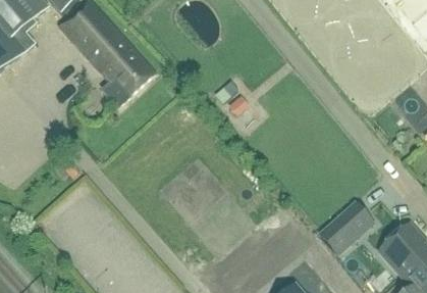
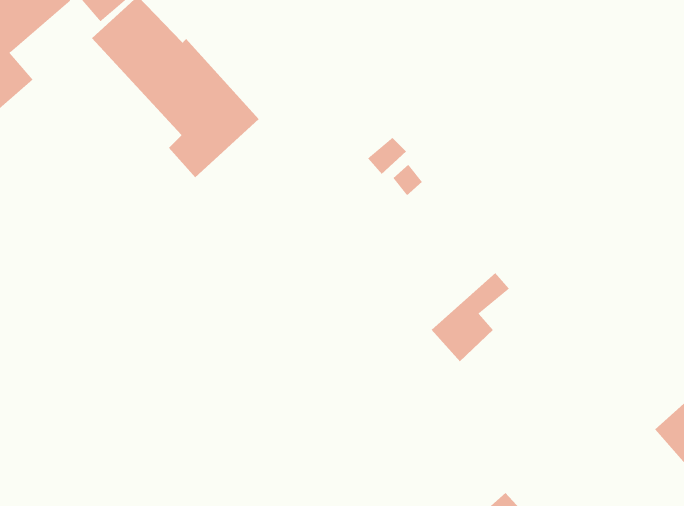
building: [320,201,365,252] -> [431,272,510,362]

